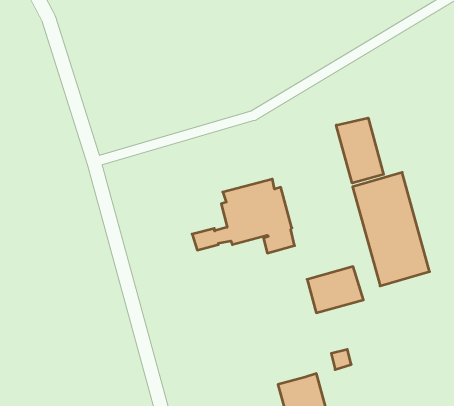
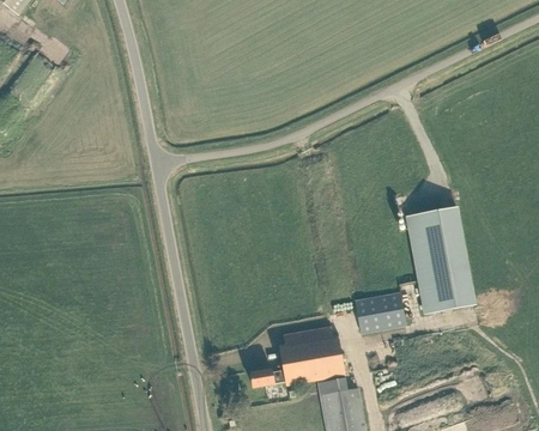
building: [336,118,384,183] -> none
building: [192,179,295,253] -> [250,326,346,395]

